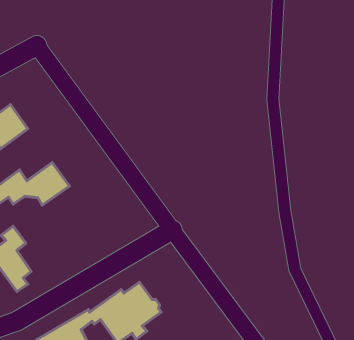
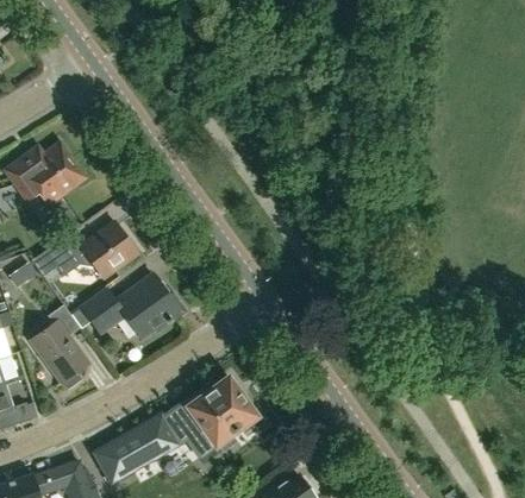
building: none -> [81,273,182,335]

